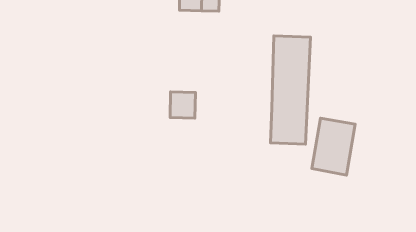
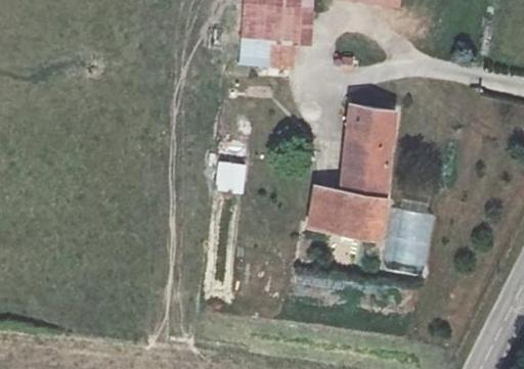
building: none -> [307,186,340,231]

